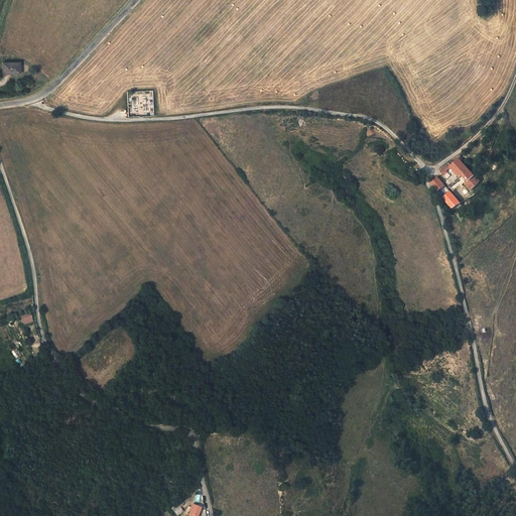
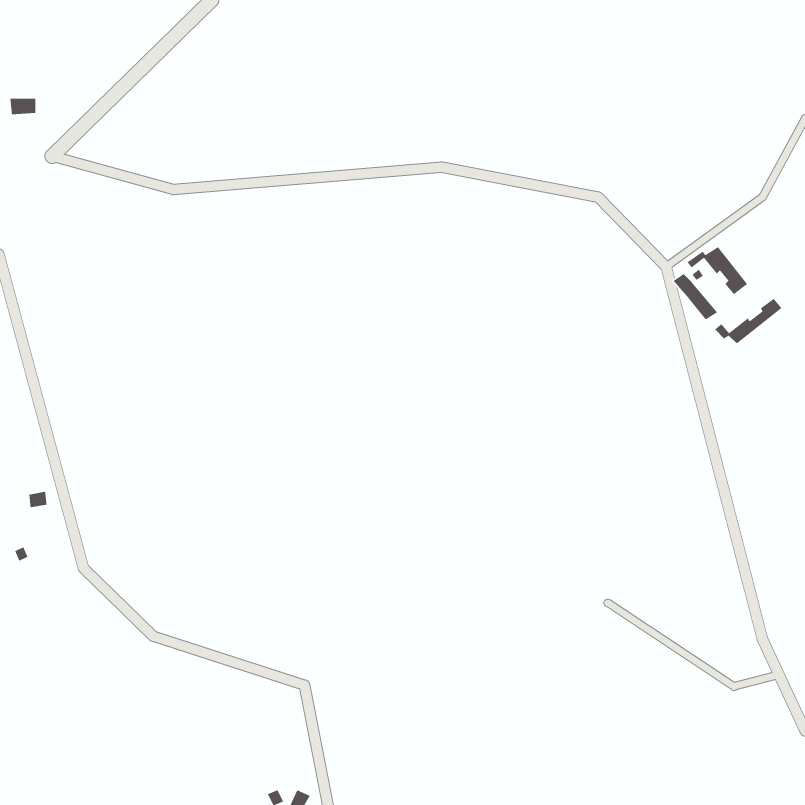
building: none -> [714,298,782,344]

